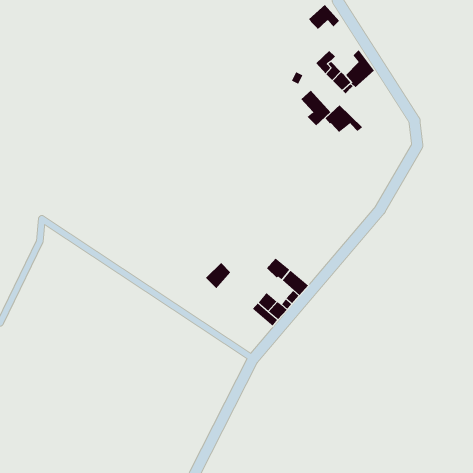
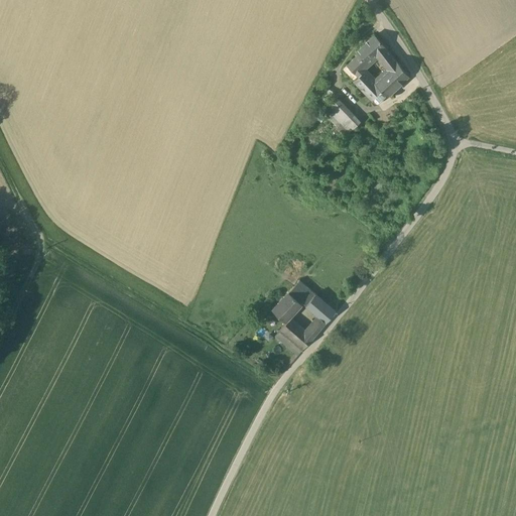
building: [308,4,340,30] -> [357,36,391,64]
building: [325,105,363,133] -> none
building: [205,262,231,289] -> [273,292,301,321]

